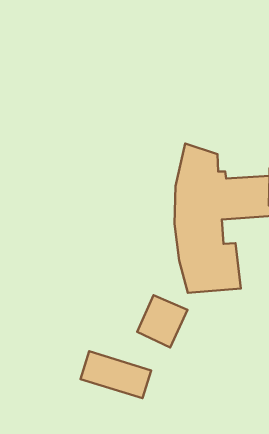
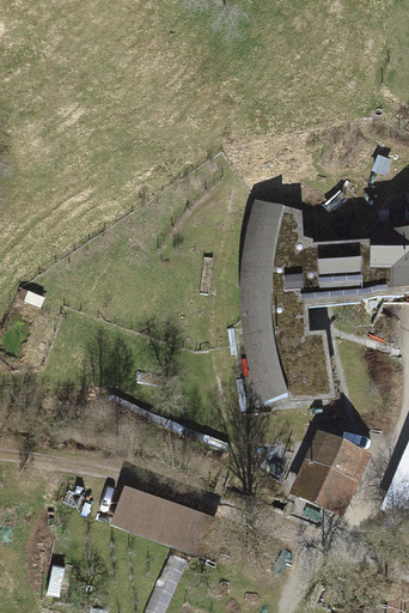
building: [137,295,188,347] -> [295,429,365,500]

